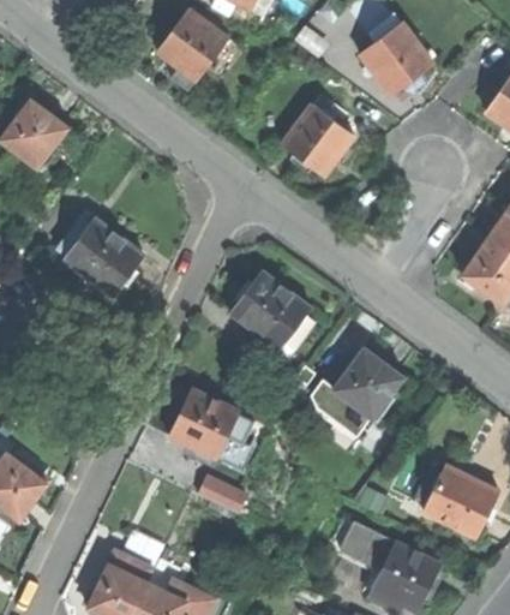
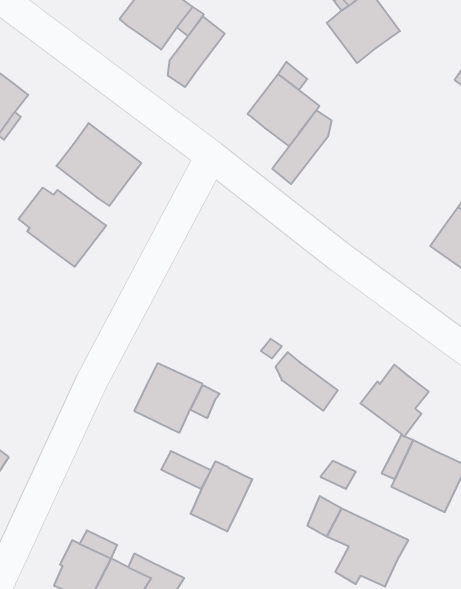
building: none -> [168,16,225,87]
building: none -> [272,110,332,184]
building: none -> [56,123,141,206]
building: [230,271,316,350] -> none
building: [334,350,401,420] -> [360,365,429,437]
building: none -> [190,461,252,532]

